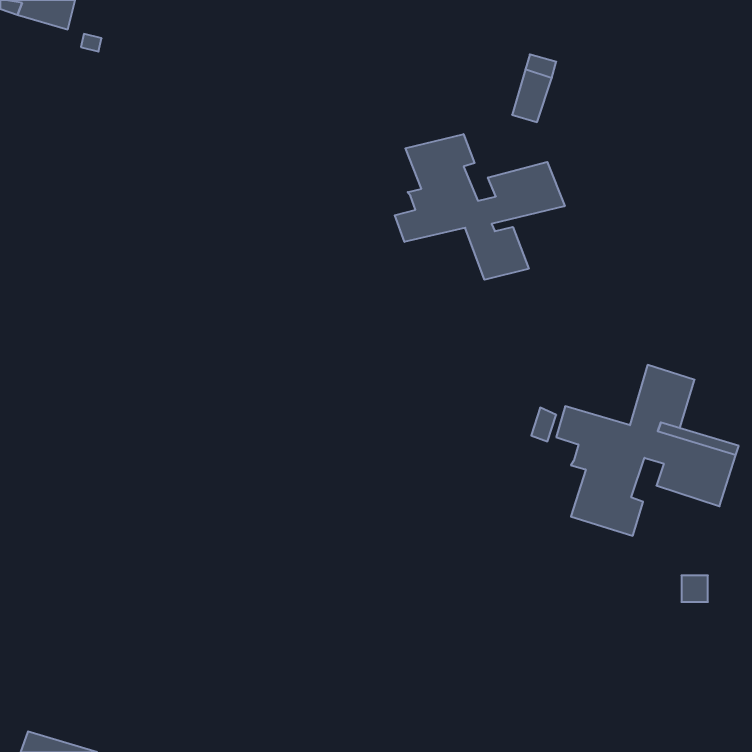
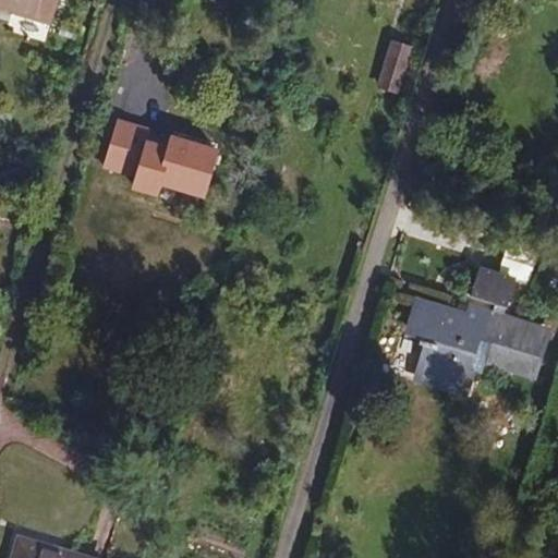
building: [395,134,565,280] -> none
building: none -> [104,120,218,196]

